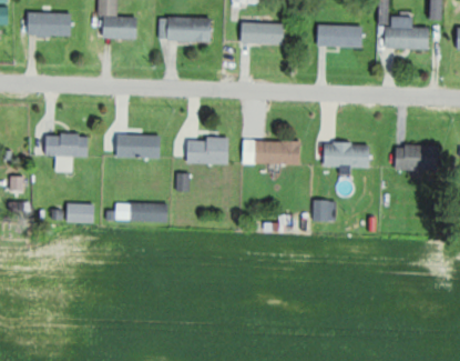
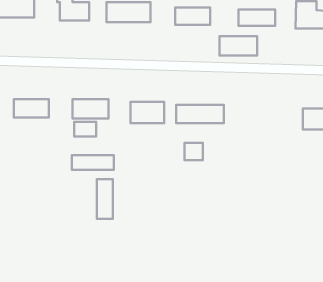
building: [324,143,369,167] -> [219,36,257,55]
building: [311,200,334,221] -> [185,143,203,160]
building: [67,203,93,221] -> [74,122,96,137]
building: none -> [97,179,113,219]

